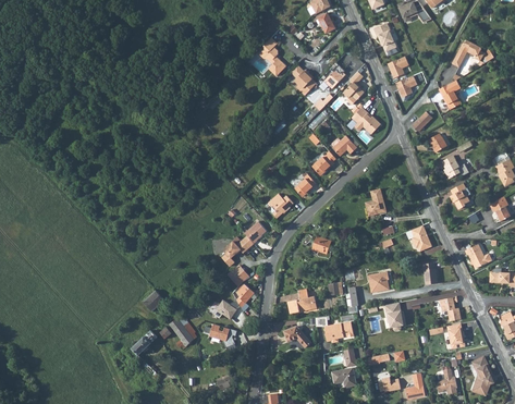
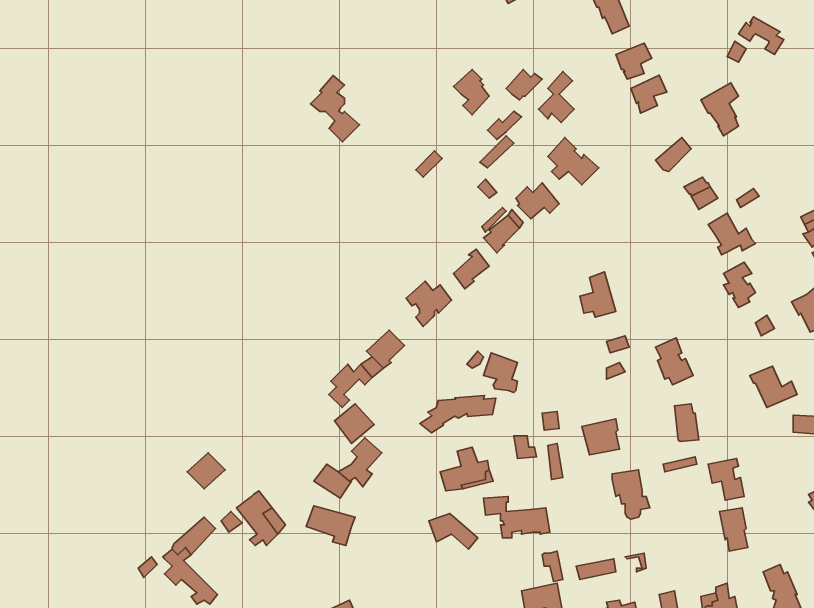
building: [257,37,285,75] -> [310,76,360,142]
building: none -> [420,396,496,433]

